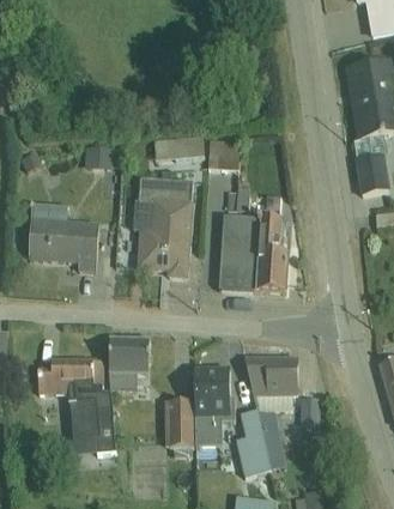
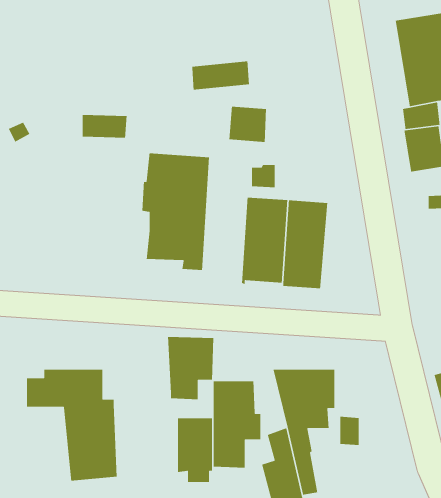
building: [153,133,202,158] -> [191,61,250,91]
building: [29,200,98,268] -> none
building: [109,335,148,389] -> [167,336,214,400]

